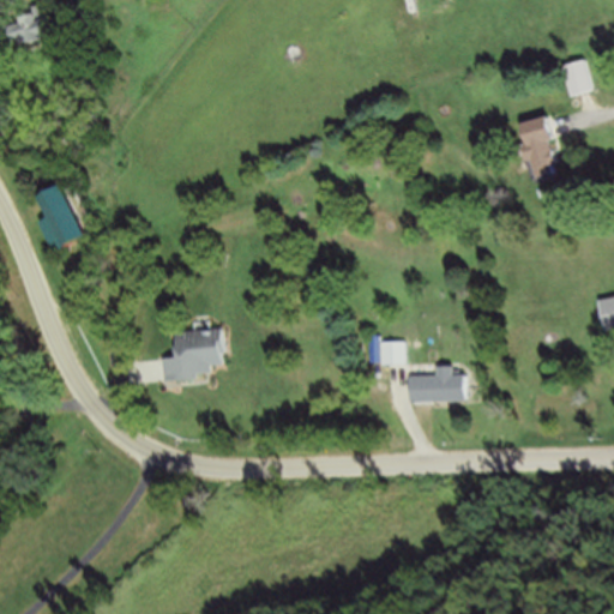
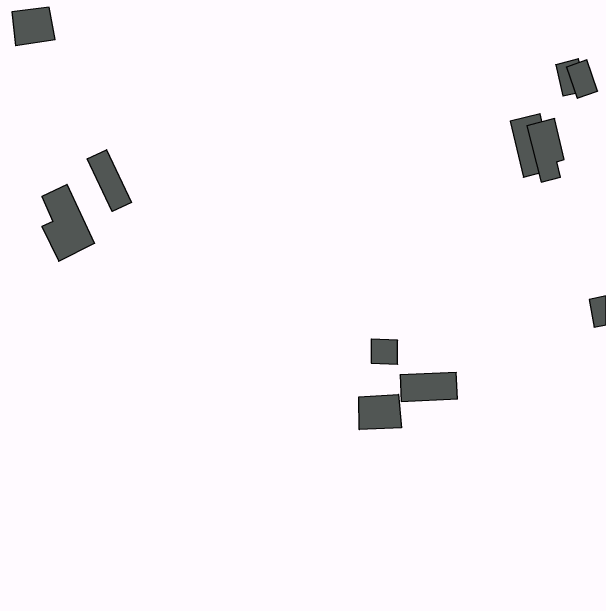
building: none -> [87,150,131,211]
building: [159,327,224,380] -> none
building: none -> [359,394,401,430]

